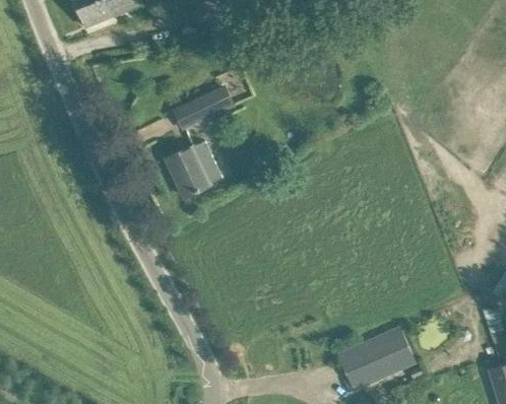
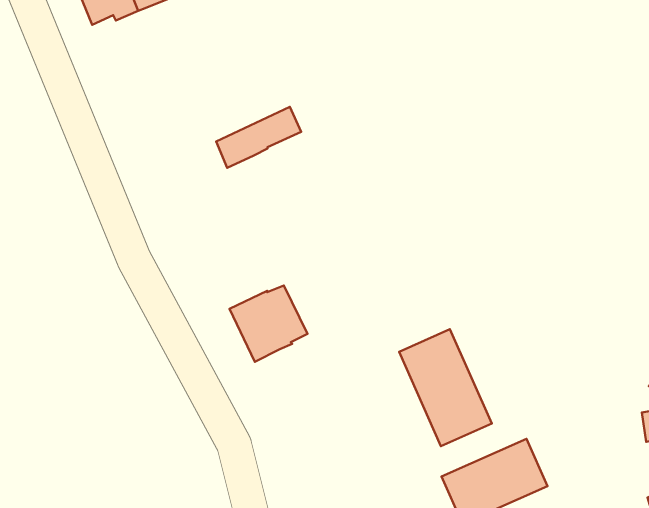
building: [166,142,223,198] -> [230,285,308,362]
building: none -> [399,329,492,446]

